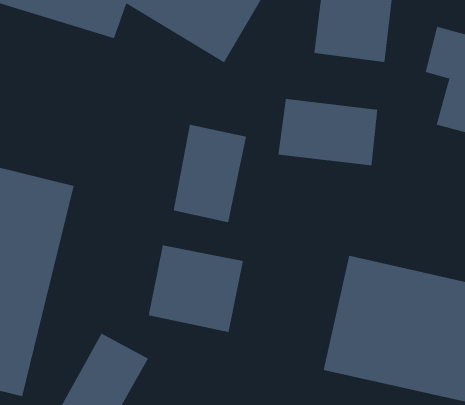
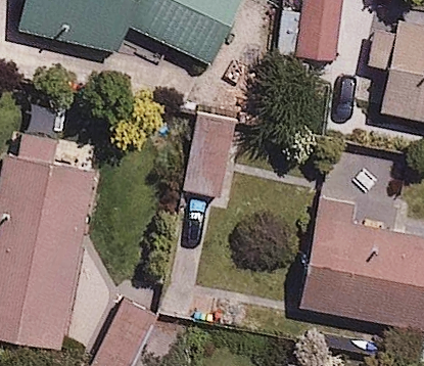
building: [278,98,378,166] -> none
building: [148,244,244,333] -> none

